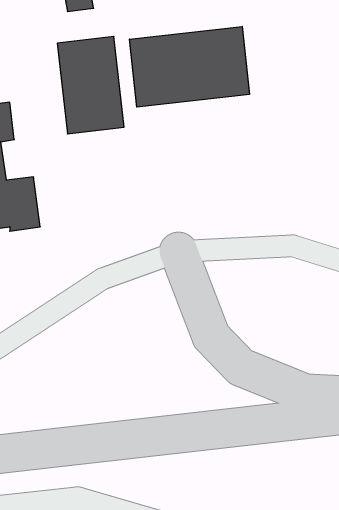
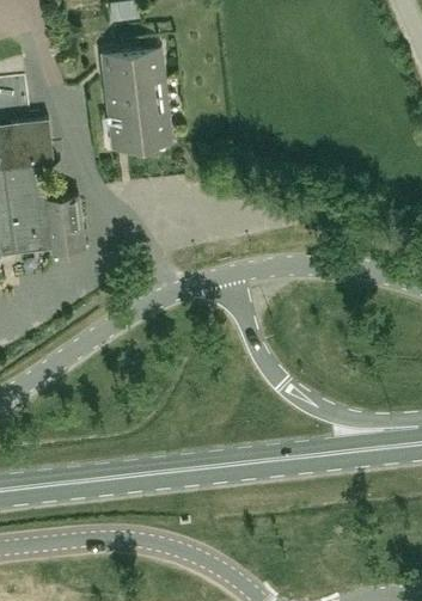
building: [130,26,249,107] -> none

